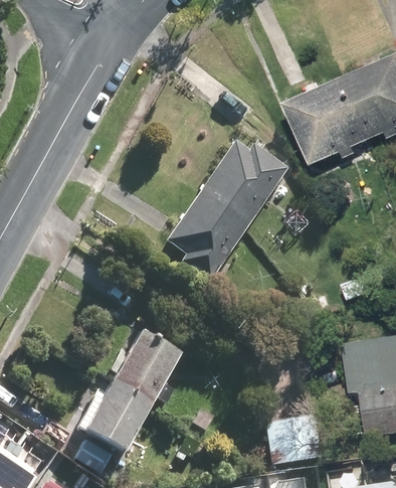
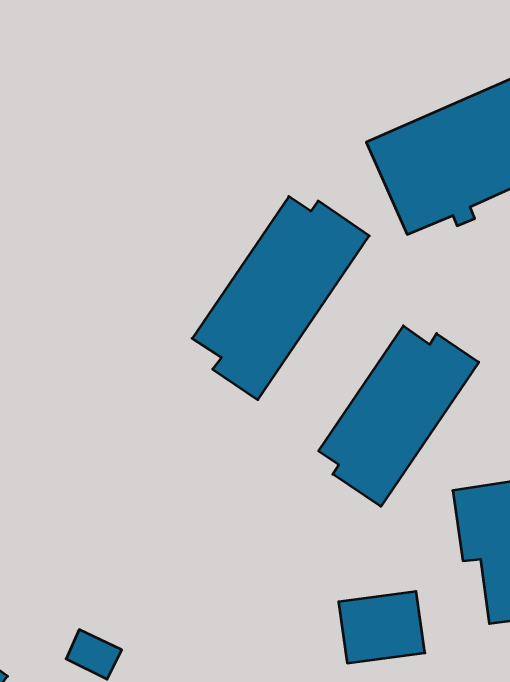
building: none -> [319,326,479,506]
building: [79,328,180,449] -> none

